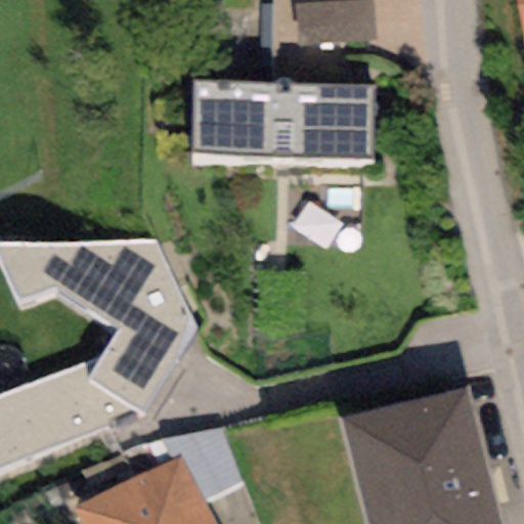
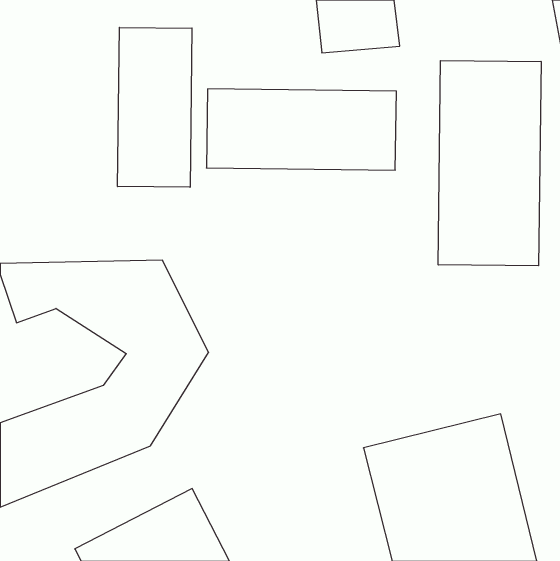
building: none -> [118,27,192,187]
building: none -> [438,61,541,266]

